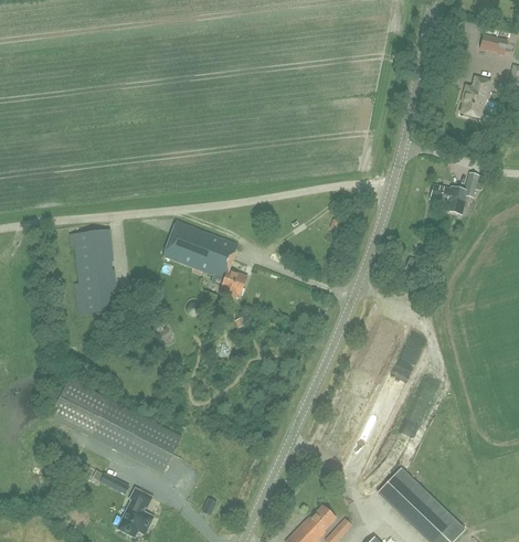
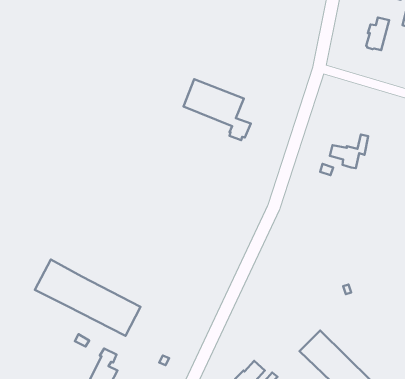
building: [430,171,477,213] -> [330,135,368,168]
building: [162,220,246,296] -> [183,79,251,140]
building: [75,231,107,312] -> none

